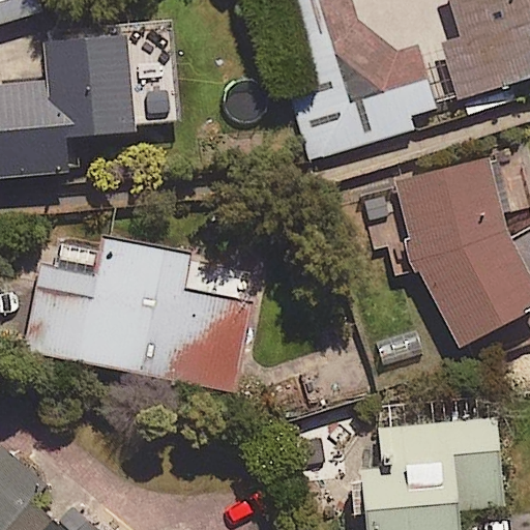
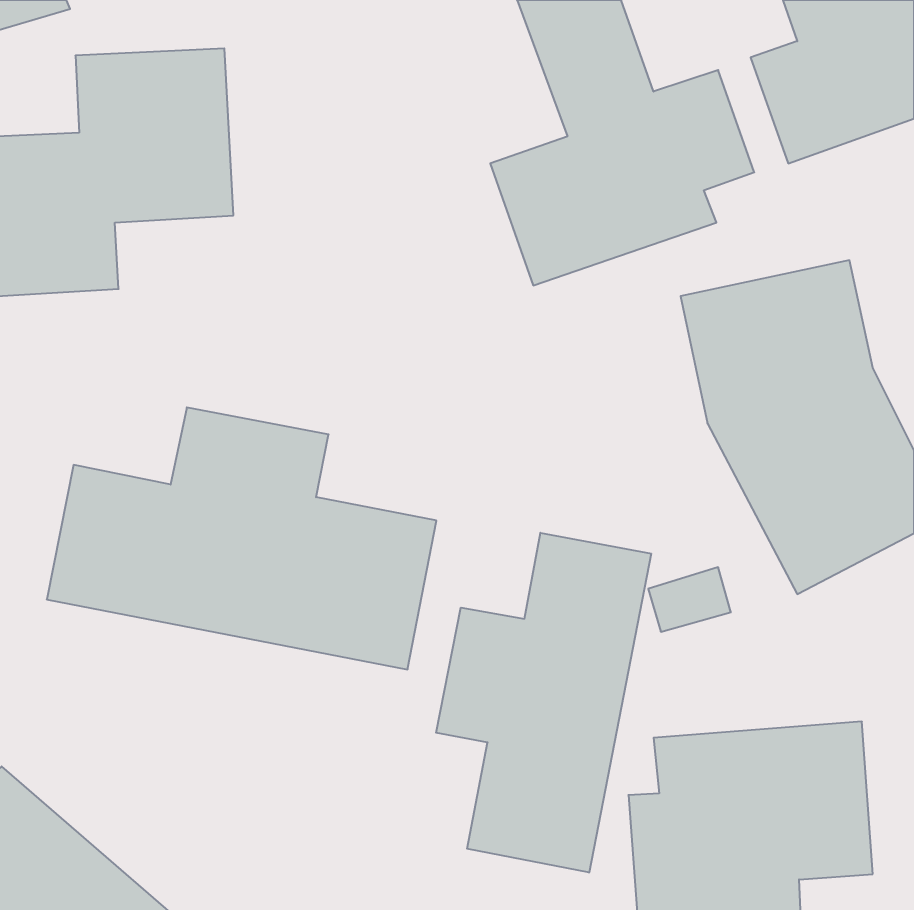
building: none -> [436,533,651,873]

